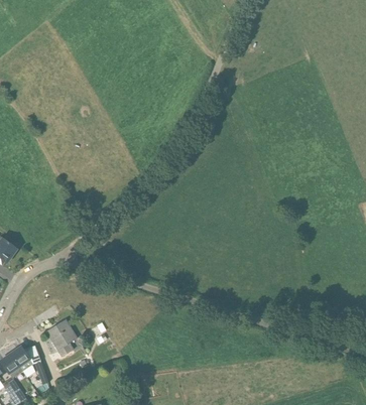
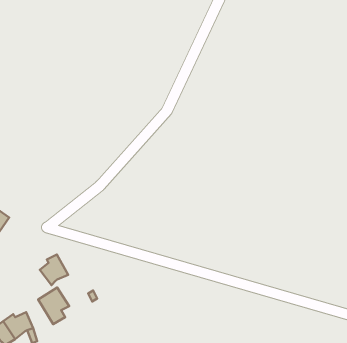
building: none -> [40,254,68,285]

